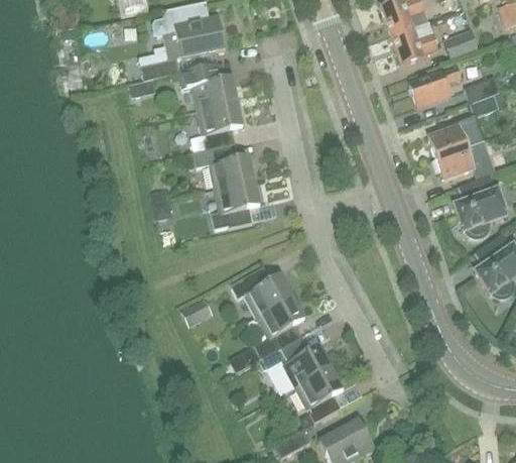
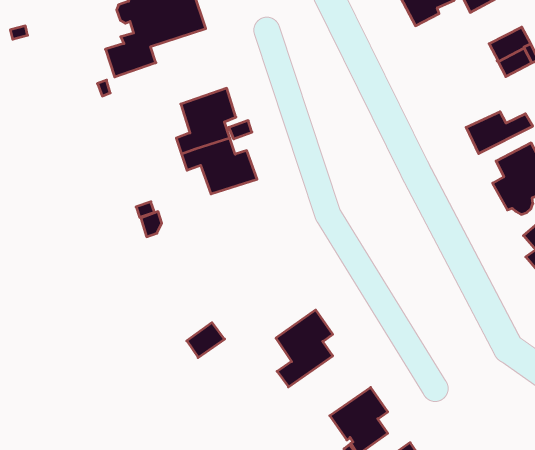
building: [180,65,239,110] -> none
building: [410,67,462,107] -> none
building: [429,116,480,156] -> none
building: [213,181,261,229] -> none
building: [232,266,293,317] -> none
building: [260,337,333,387] -> none

